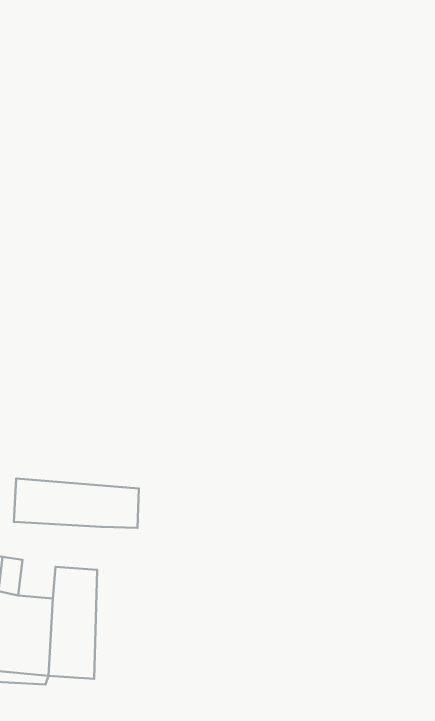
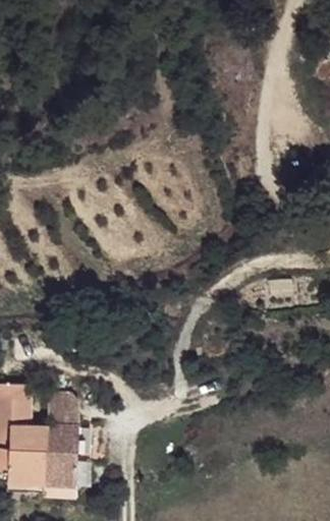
building: [14,479,139,528] -> none

